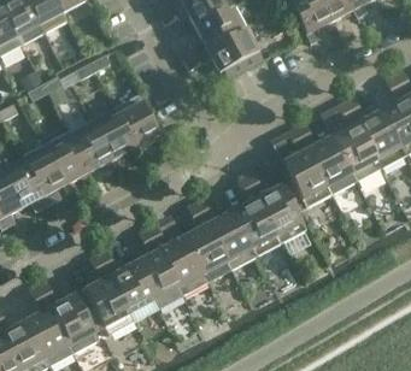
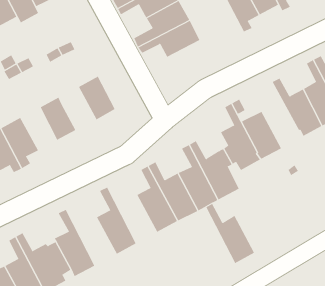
building: [334,102,383,182] -> none
building: [92,108,136,160] -> none
building: [46,133,89,184] -> none
building: [149,223,209,295] -> [206,203,255,264]
building: [100,249,160,322] -> none

